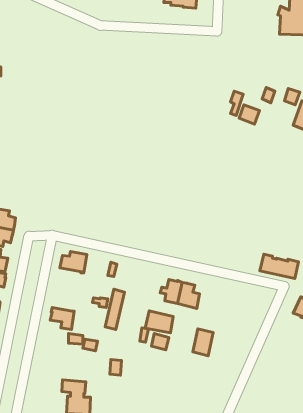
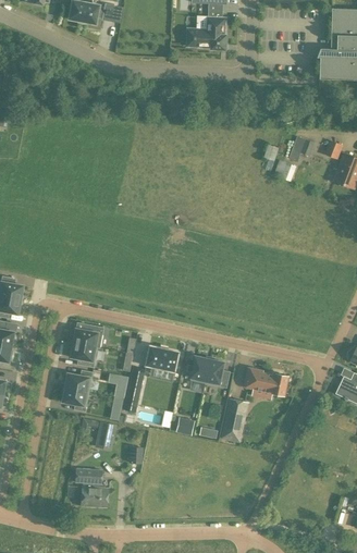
building: [260,254,299,278] -> [245,367,288,394]
building: none -> [70,342,97,367]
building: none -> [63,369,91,391]
building: [145,311,173,333] -> [145,345,176,370]

